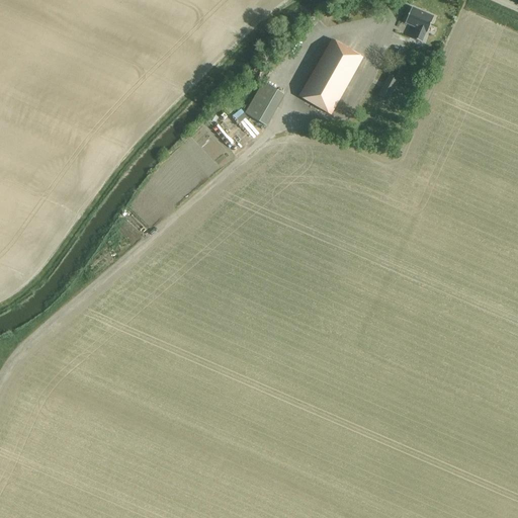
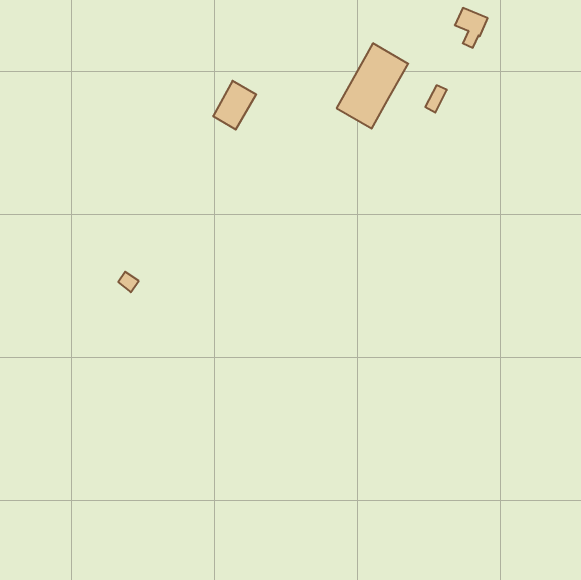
building: [246,82,284,125] -> [213,81,256,130]

